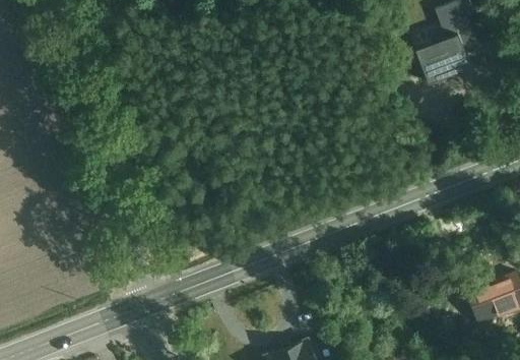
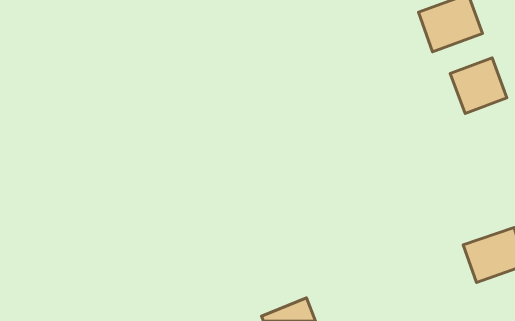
building: none -> [450,58,507,114]

